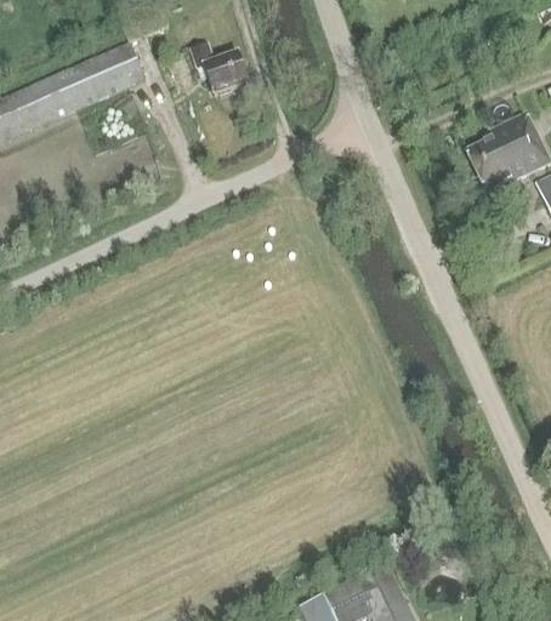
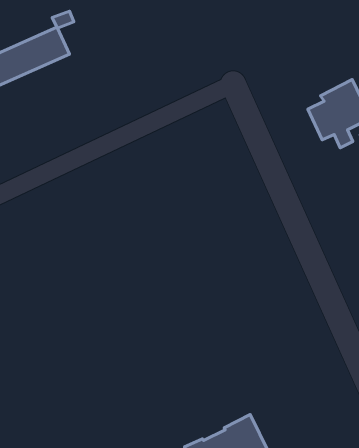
building: [191,44,249,97] -> none

